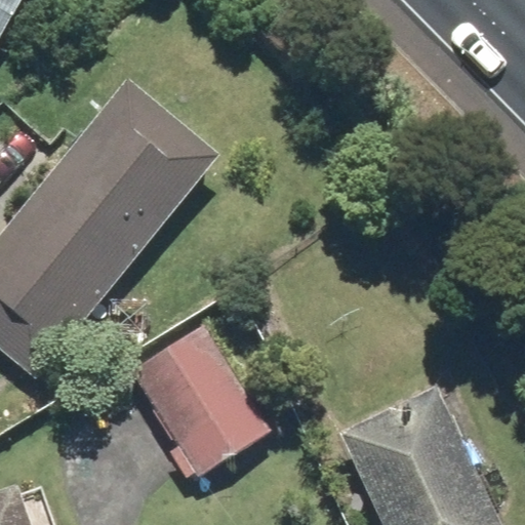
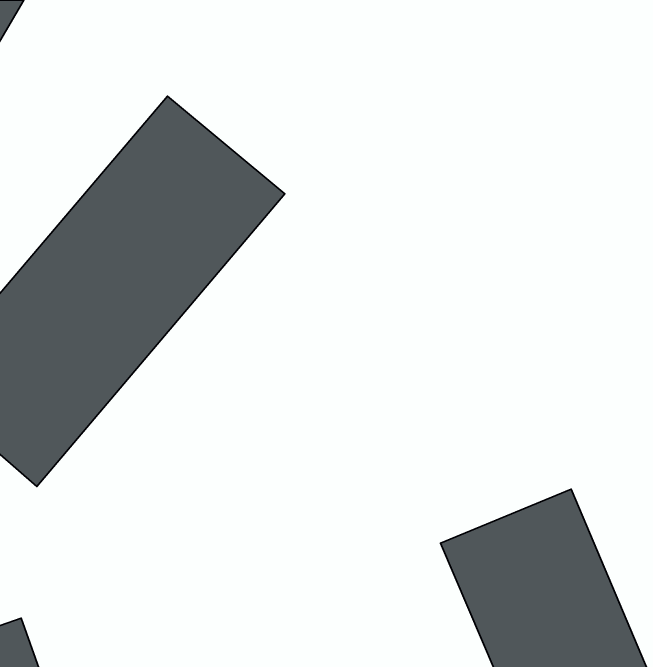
building: [128,327,266,477] -> none

